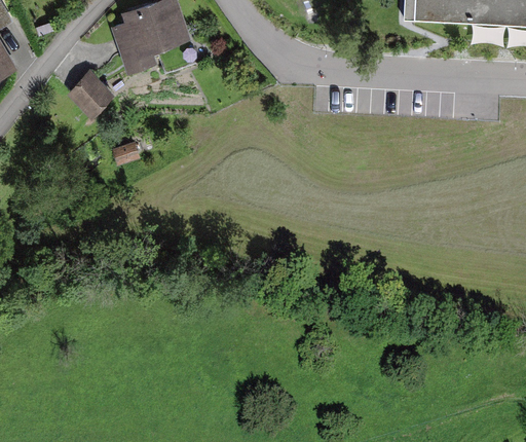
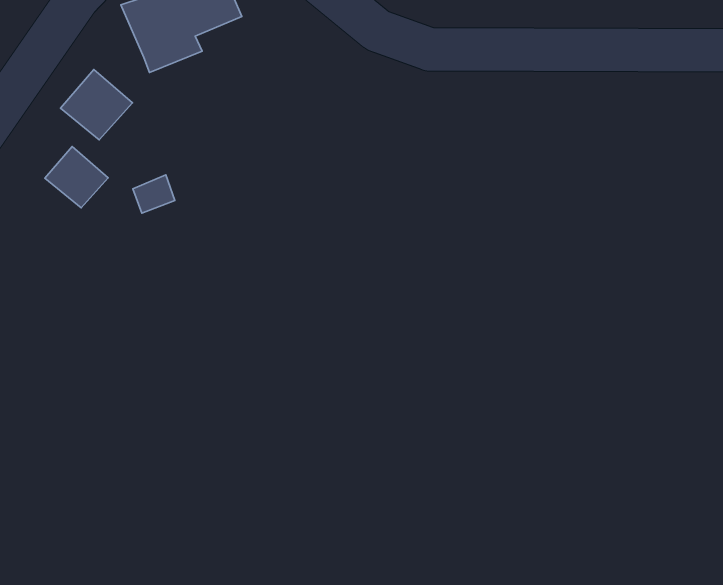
building: none -> [45,147,108,208]

